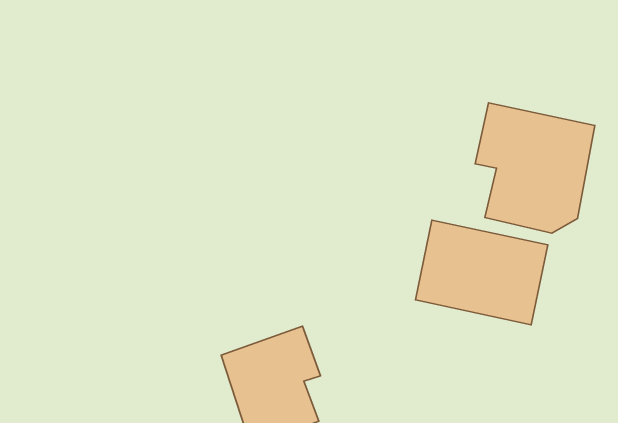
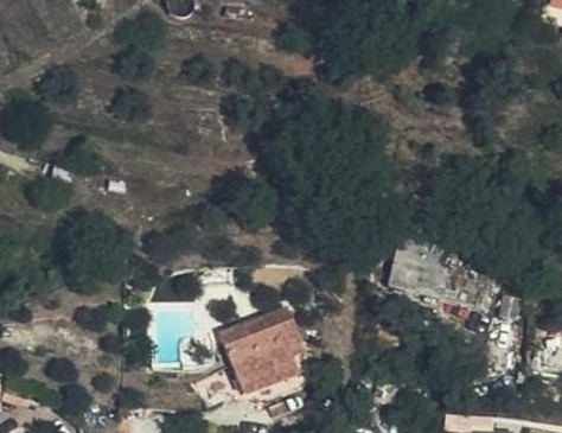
building: [475,103,595,233] -> none

